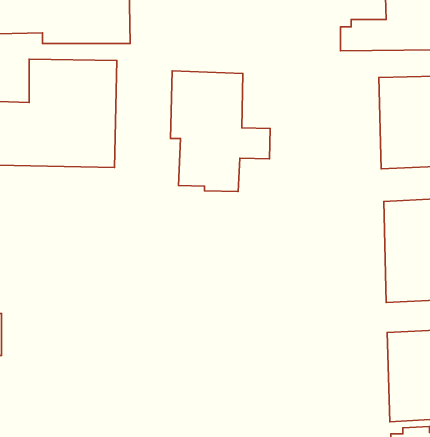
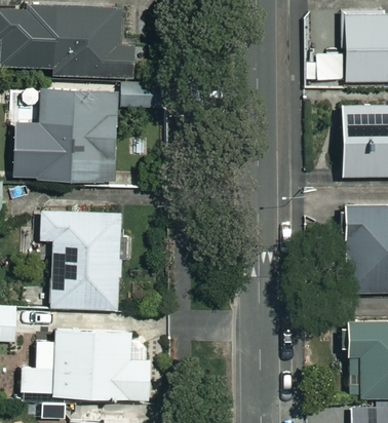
building: [171,71,270,191] -> none
building: none -> [40,208,120,309]
building: none -> [23,337,156,400]

